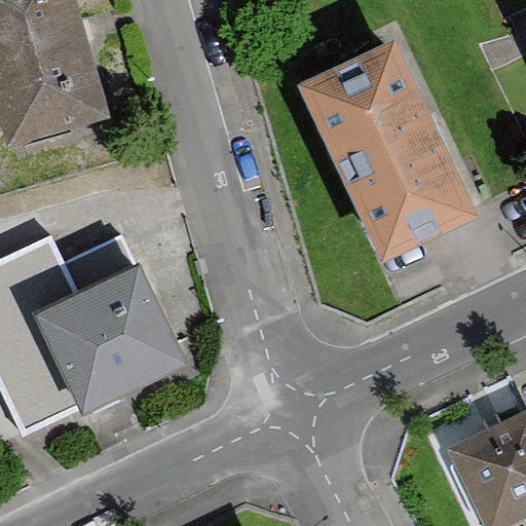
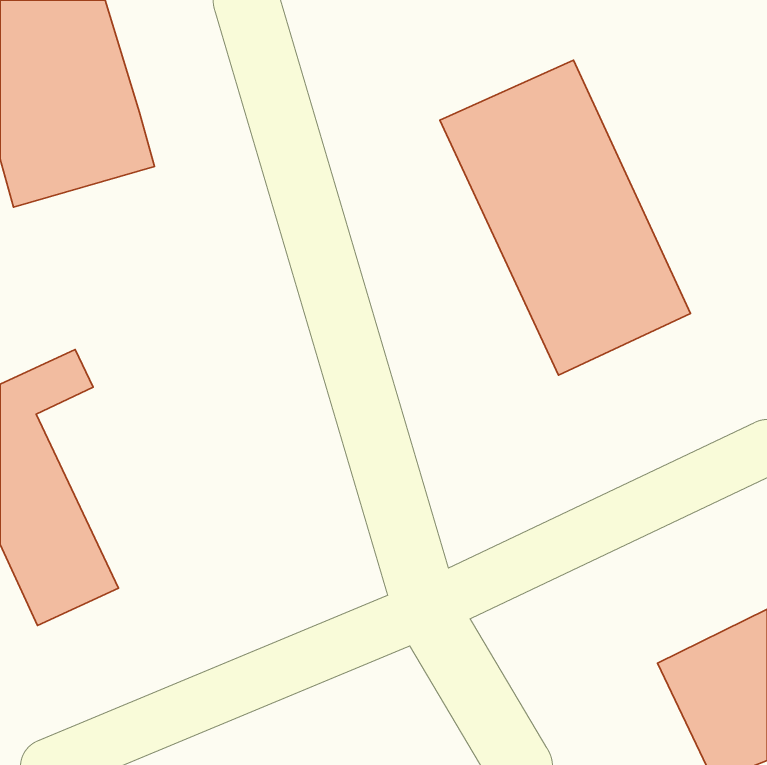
building: [25,240,184,408] -> none

